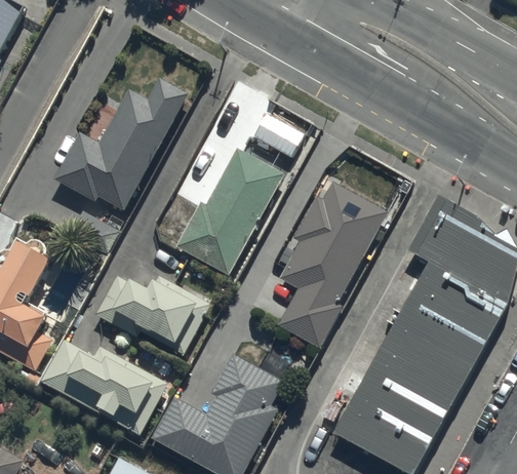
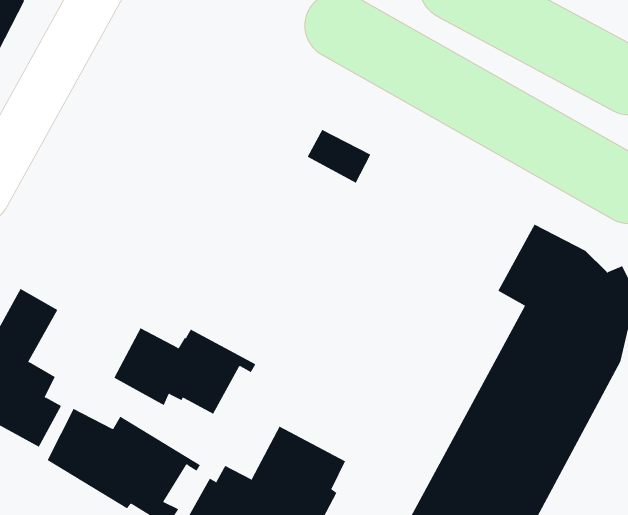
building: [48,76,185,213] -> none
building: [176,149,283,276] -> none
building: [279,181,388,347] -> none

